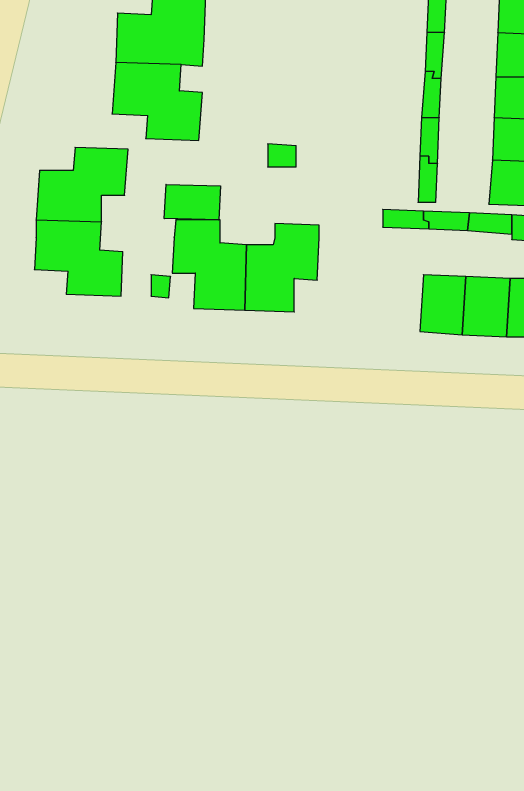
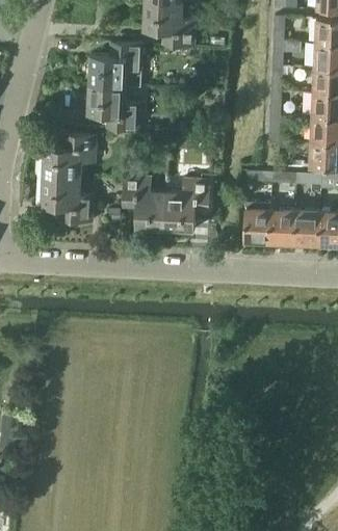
building: [164,184,220,220] -> none
building: none -> [244,201,271,241]

